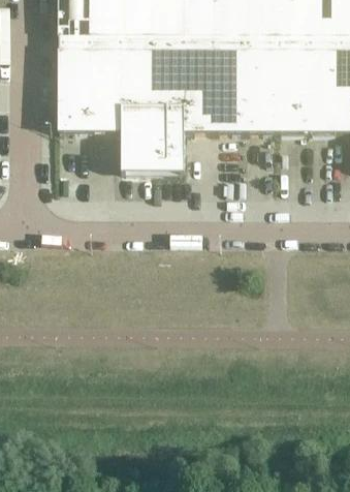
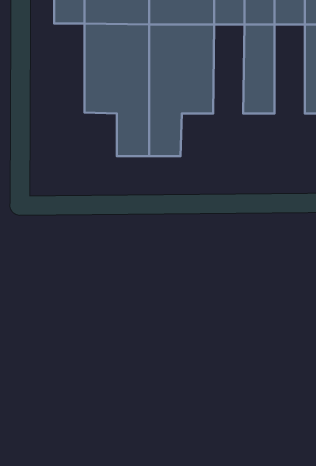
building: [60,40,90,128] -> none
building: [217,41,248,129] -> none
building: [278,41,308,129] -> none

